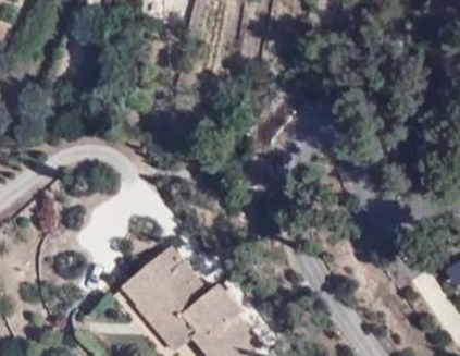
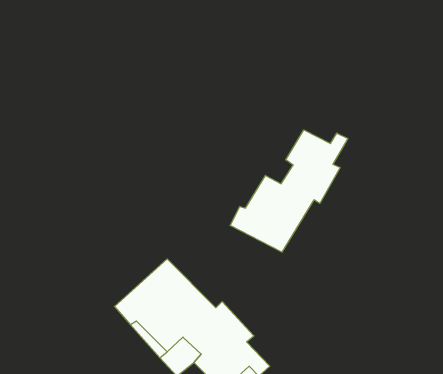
building: none -> [230,130,348,252]

